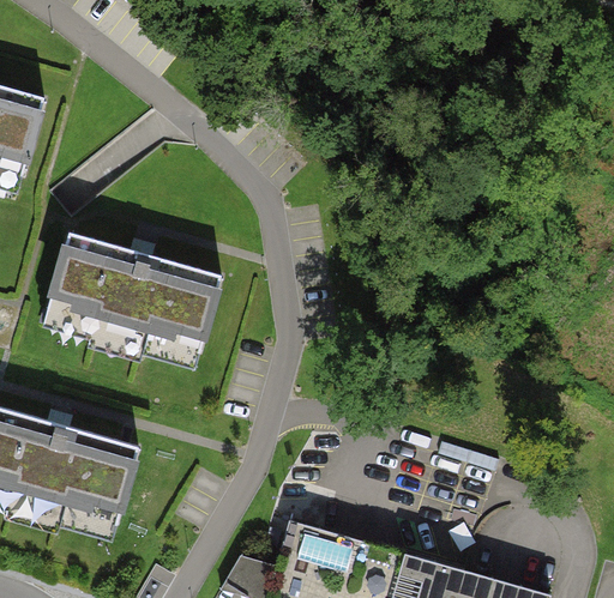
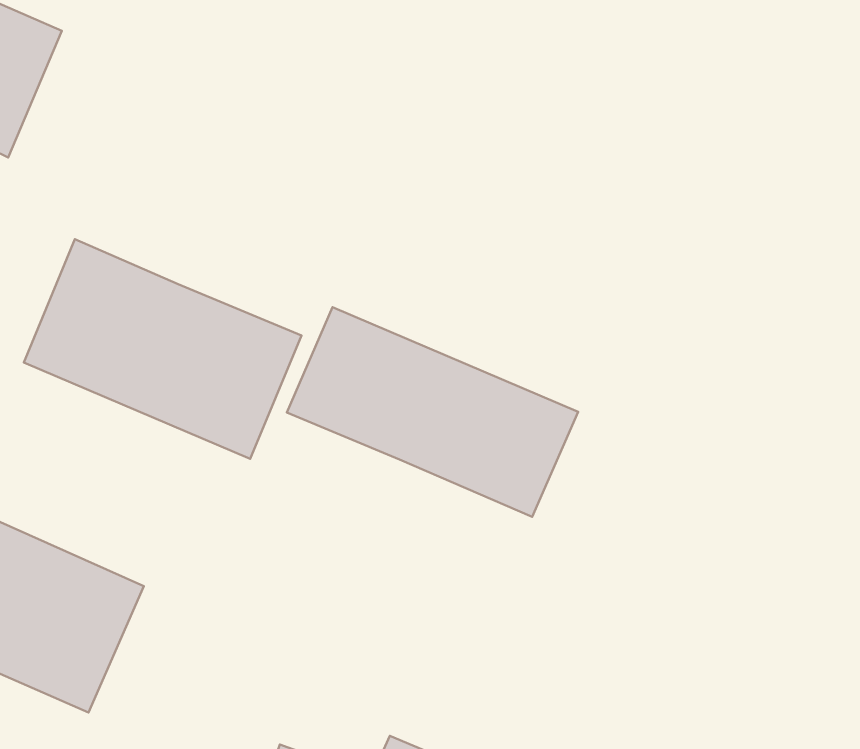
building: none -> [287,307,578,517]

